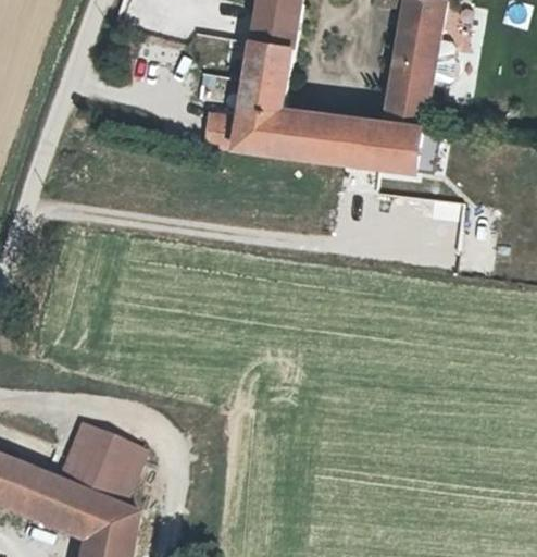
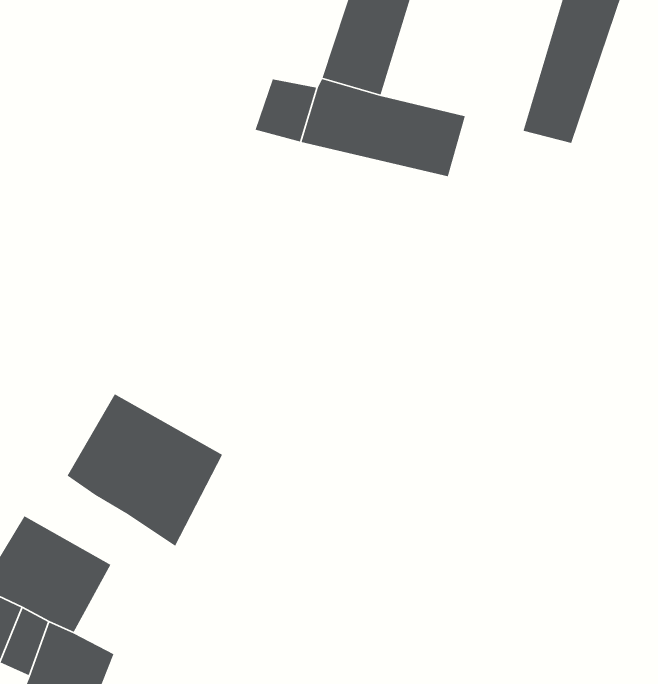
building: [337,114,419,168] -> none
building: none -> [66,393,223,547]

